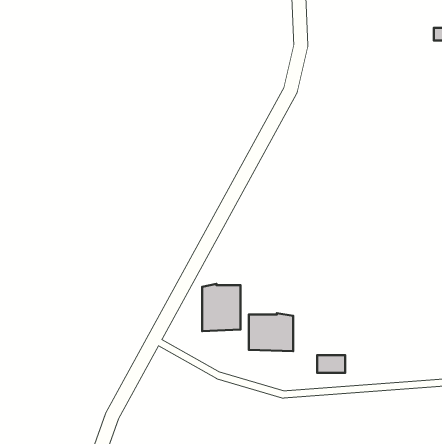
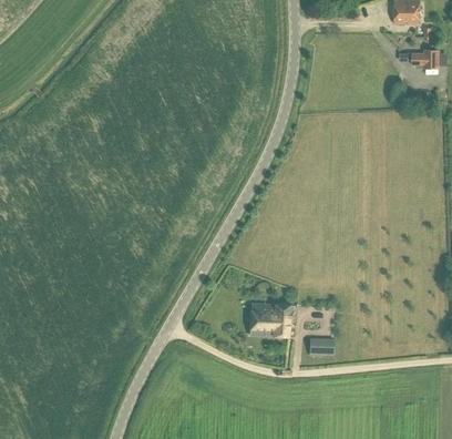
building: [202,284,241,331] -> none

